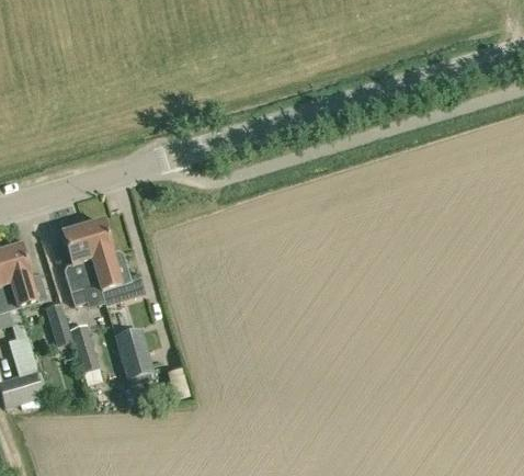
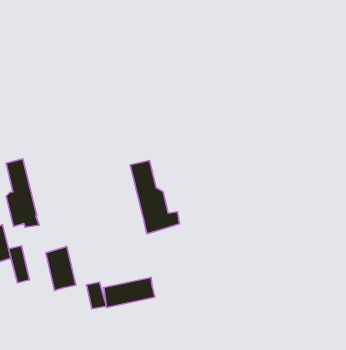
building: [80,215,144,304] -> [130,160,179,234]
building: none -> [104,278,155,307]

